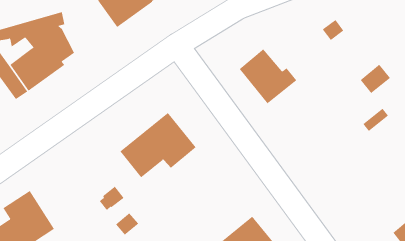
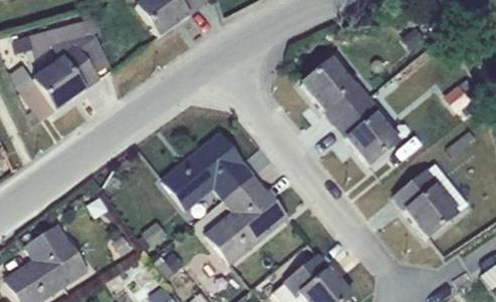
building: none -> [334,96,399,166]
building: none -> [394,163,468,237]
building: none -> [203,175,286,264]

